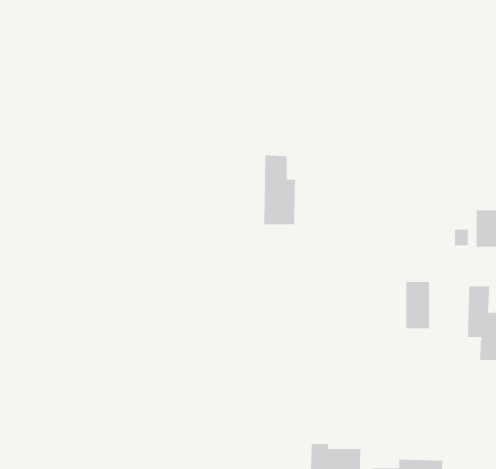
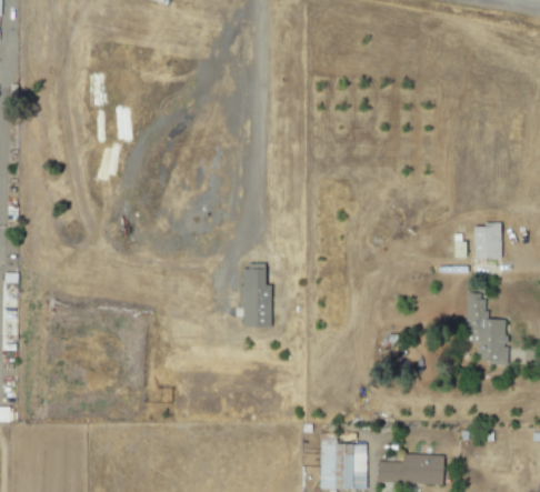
building: [263,155,296,225] -> [241,263,271,328]
building: [406,281,429,329] -> none

